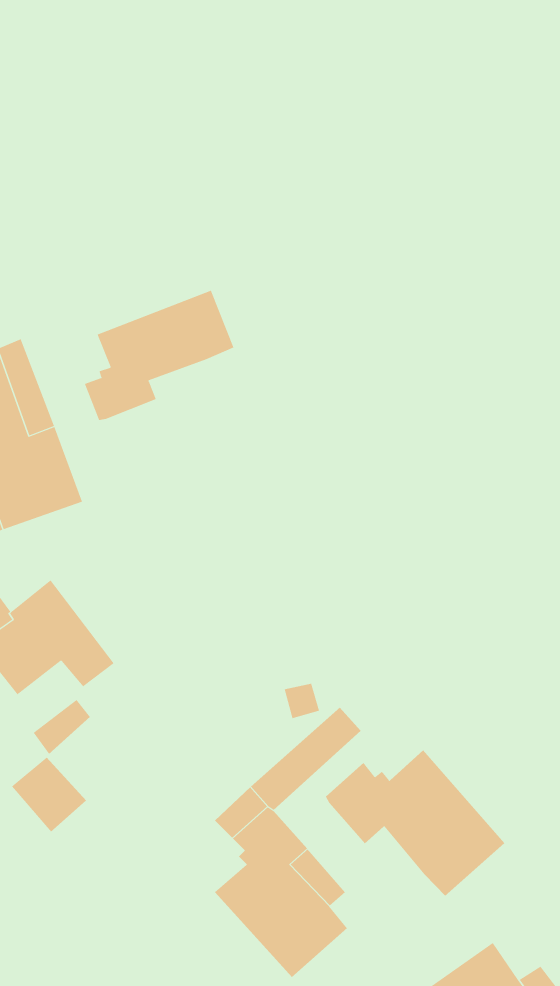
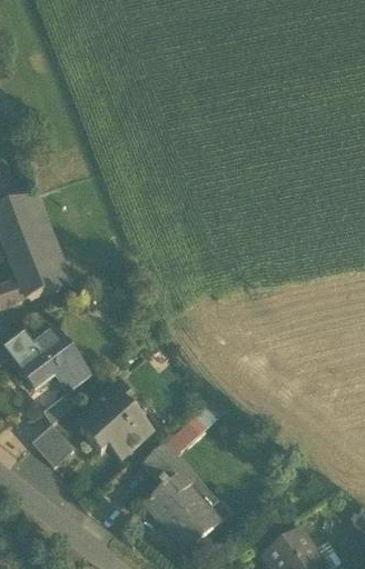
building: [84,290,234,421] -> none
building: none -> [79,382,152,460]
building: [325,750,505,897] -> none

